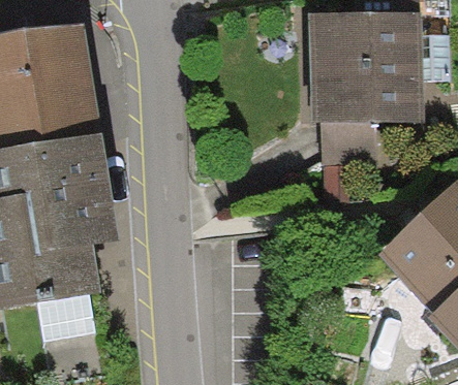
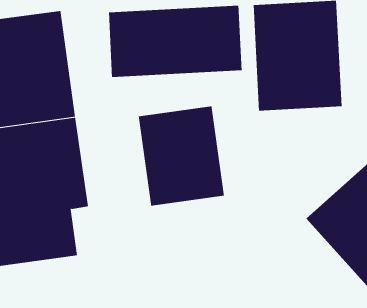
building: none -> [108,5,242,78]
building: none -> [138,106,225,206]

